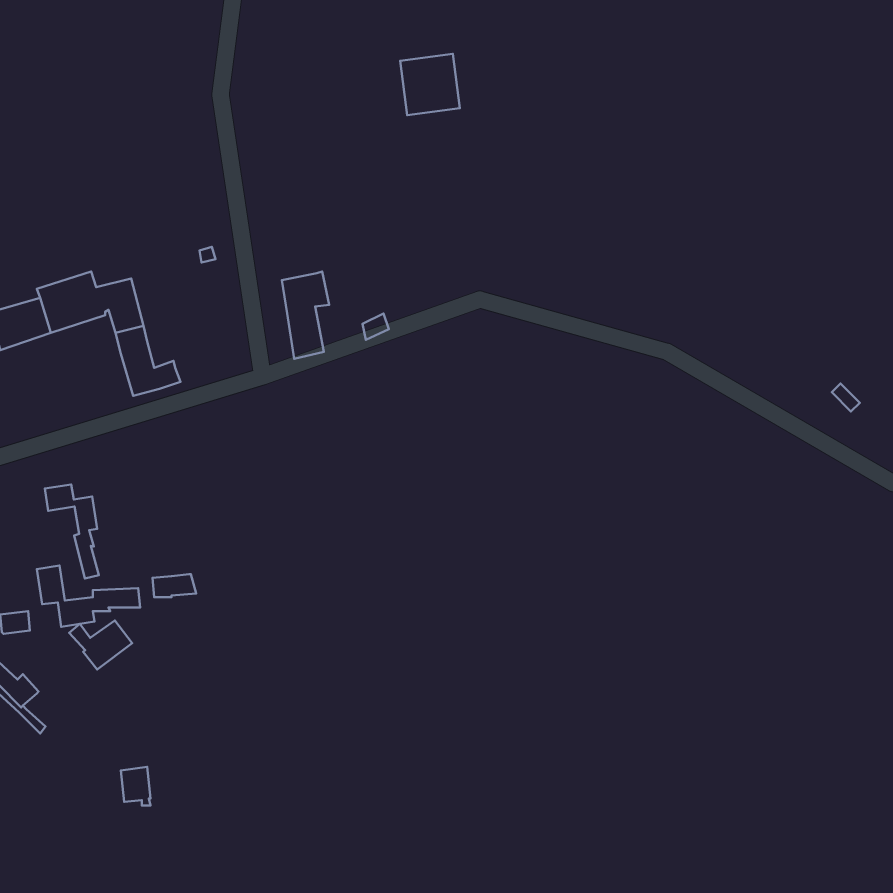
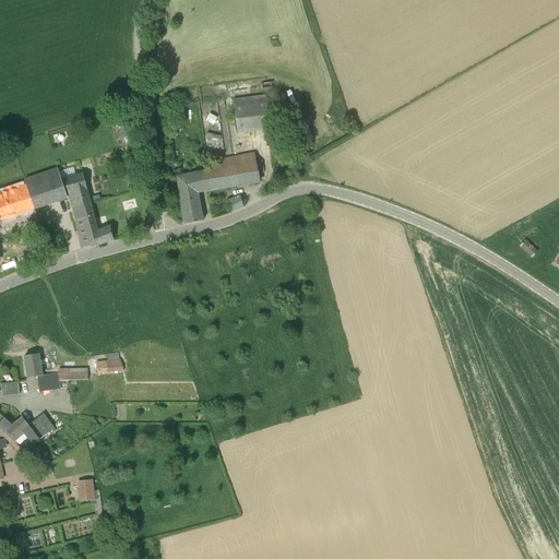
building: [400,54,460,115] -> [234,92,271,130]
building: none -> [201,152,259,190]
building: [45,484,99,579] -> none
building: [69,620,132,669] -> [14,413,53,443]

